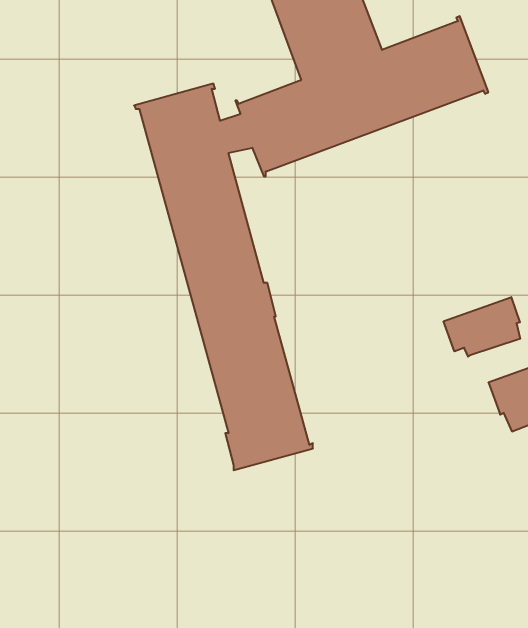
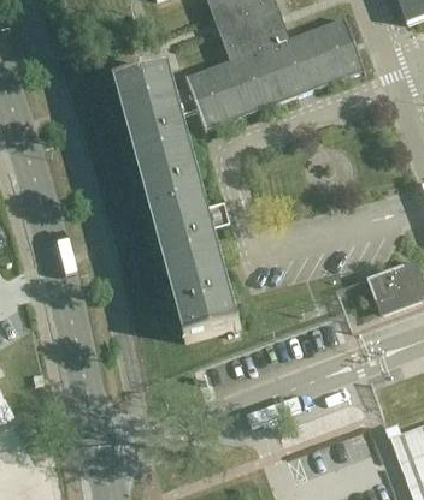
building: [444,297,520,357] -> none

